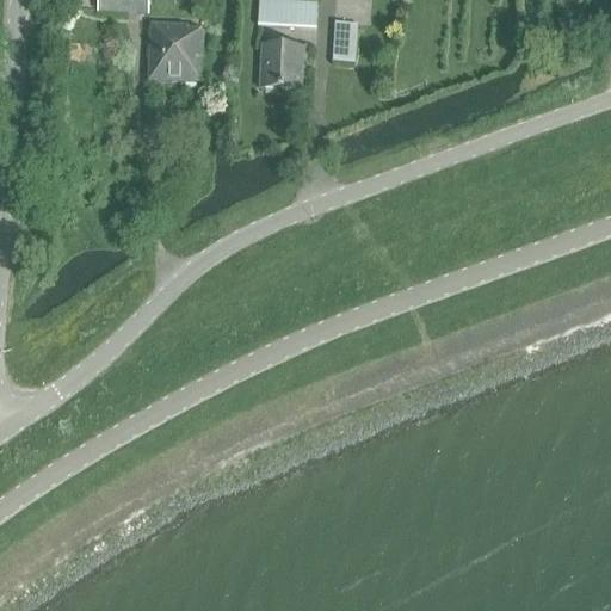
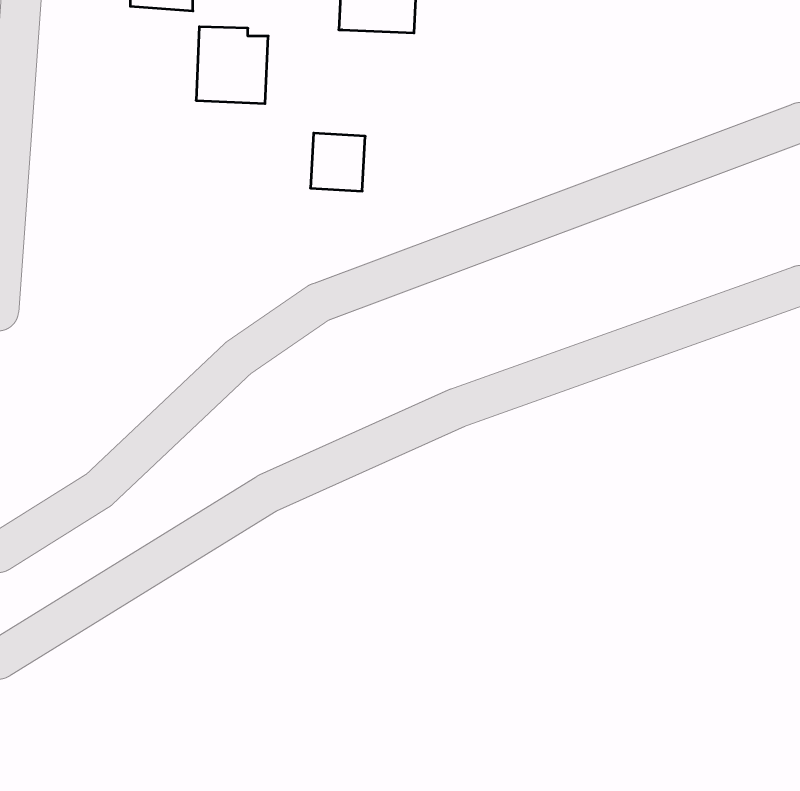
building: [332,17,356,56] -> none
building: [260,42,302,86] -> [310,133,365,191]

